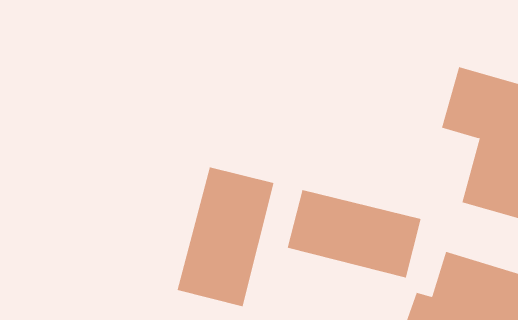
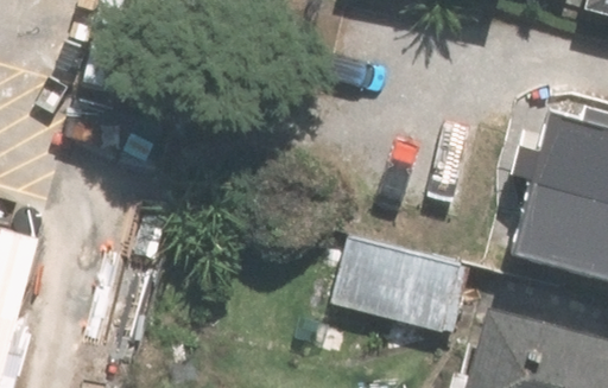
building: [177,166,274,307] -> none

